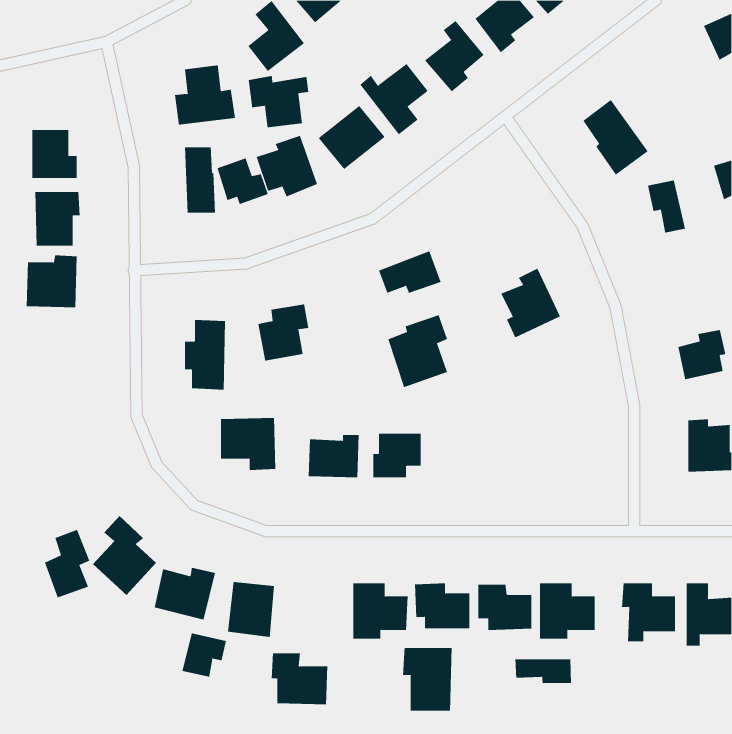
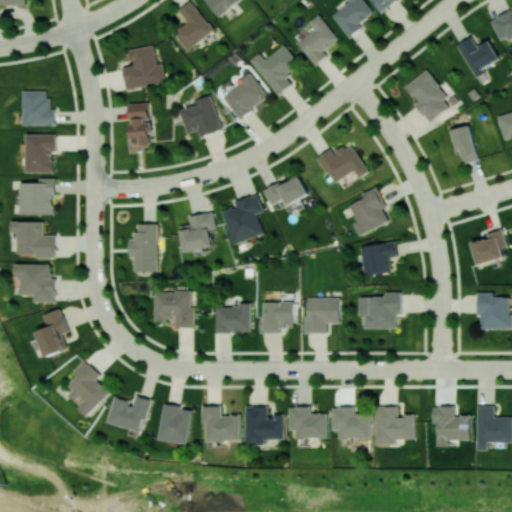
building: none -> [456,37,499,75]
building: [248,75,309,128] -> none
building: [217,157,269,205] -> none
building: none -> [317,143,368,184]
building: [388,315,448,388] -> [221,194,263,245]
building: none -> [10,221,54,256]
building: none -> [359,241,397,276]
building: none -> [14,264,53,302]
building: none -> [357,292,400,329]
building: none -> [304,297,339,333]
building: [44,529,90,598] -> [36,309,68,357]
building: [182,632,227,678] -> none
building: [403,647,452,711] -> none
building: [271,653,328,705] -> [201,406,241,442]
building: [515,659,572,684] -> none

